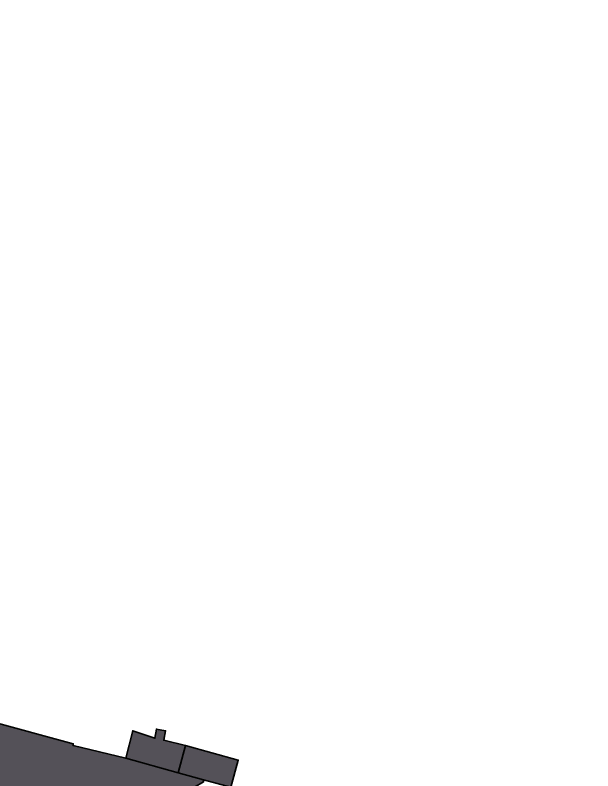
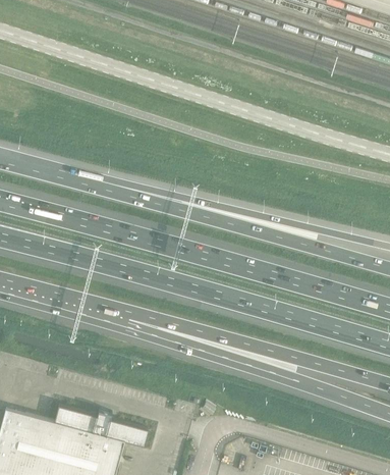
building: none -> [54,408,88,431]

